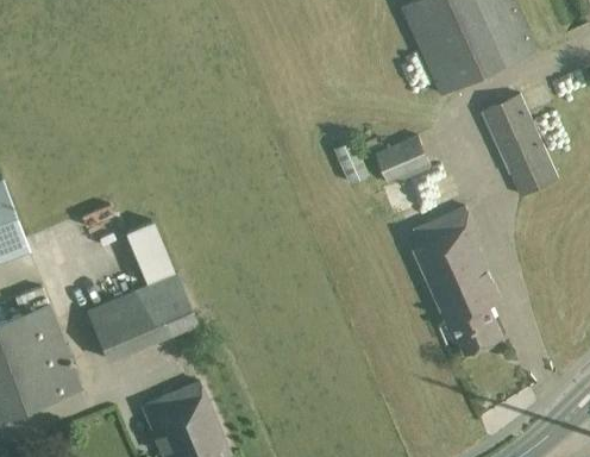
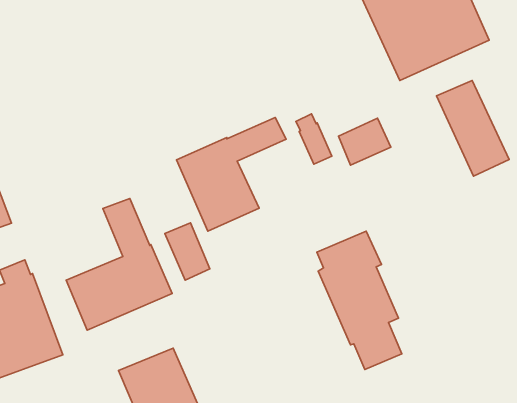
building: none -> [176,118,286,231]
building: [414,208,504,356] -> [317,231,402,369]
building: none -> [165,223,210,280]

